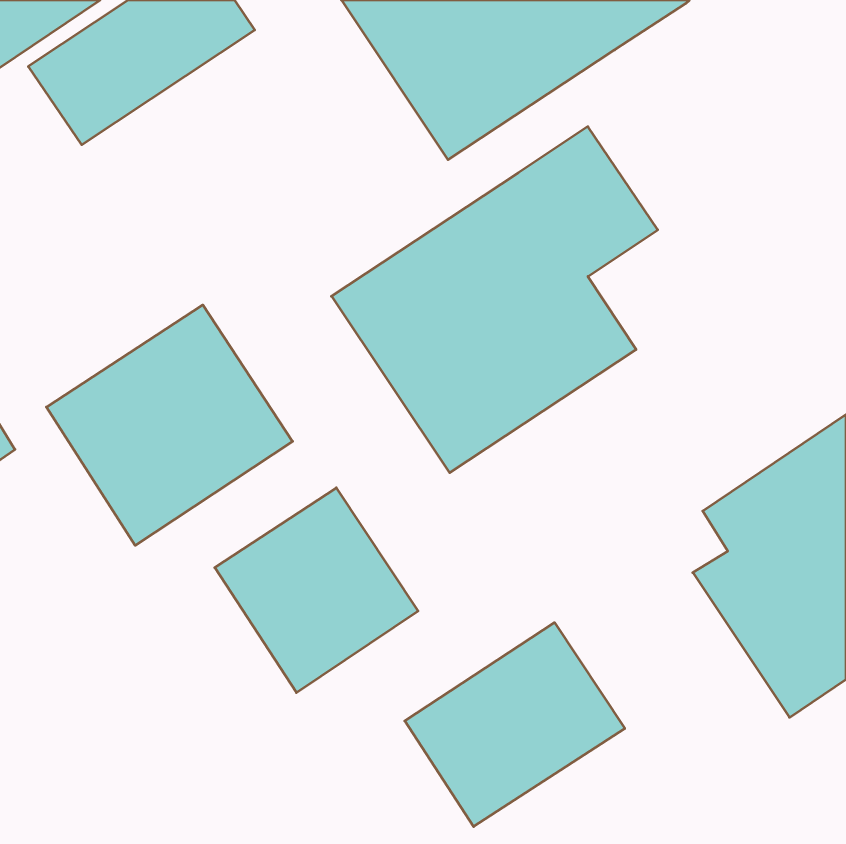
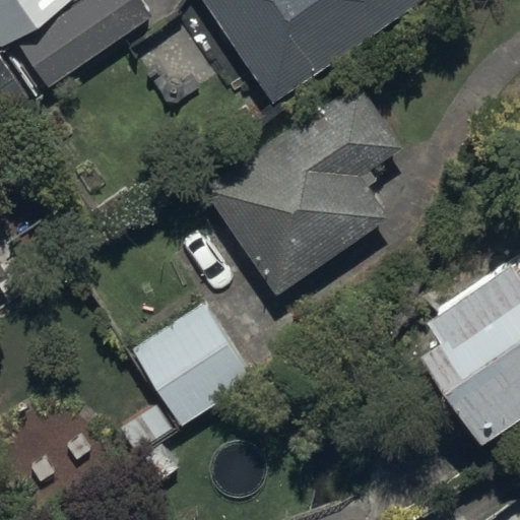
building: [46,305,293,545] -> none
building: [405,623,625,827] -> none

